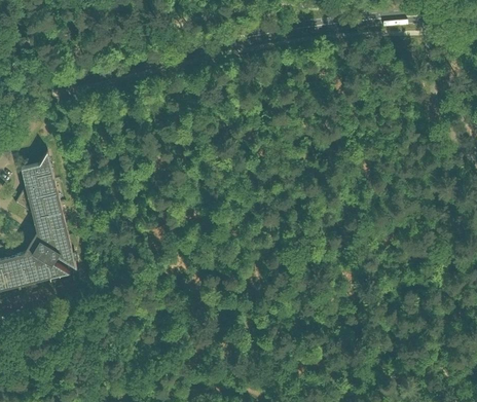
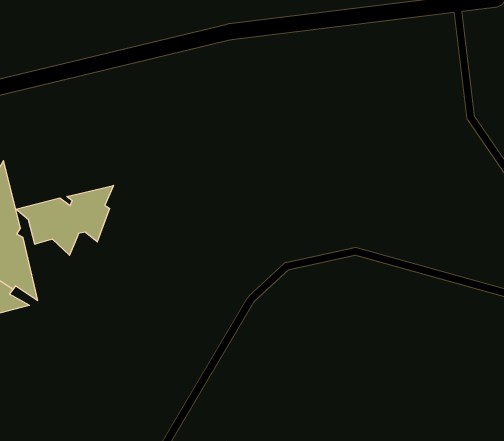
building: none -> [16,185,113,255]

